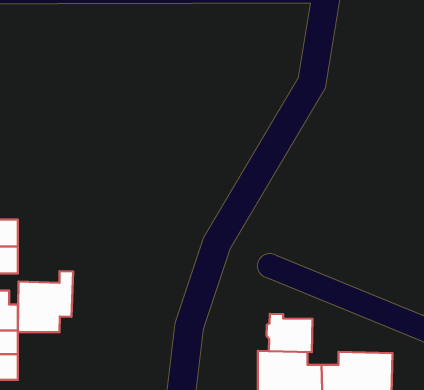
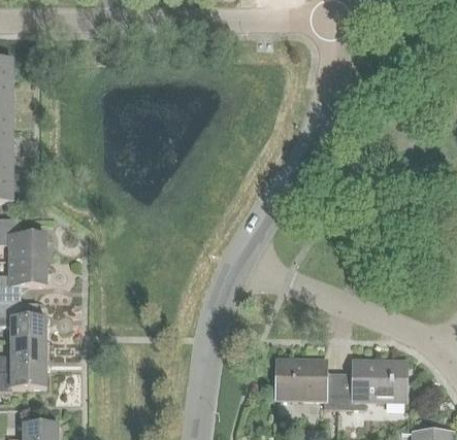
building: [18,271,73,332] -> none
building: [267,314,313,352] -> none

